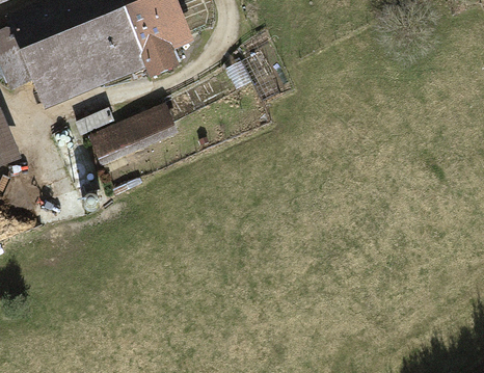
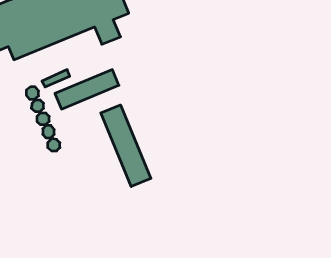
building: none -> [101,105,151,187]

